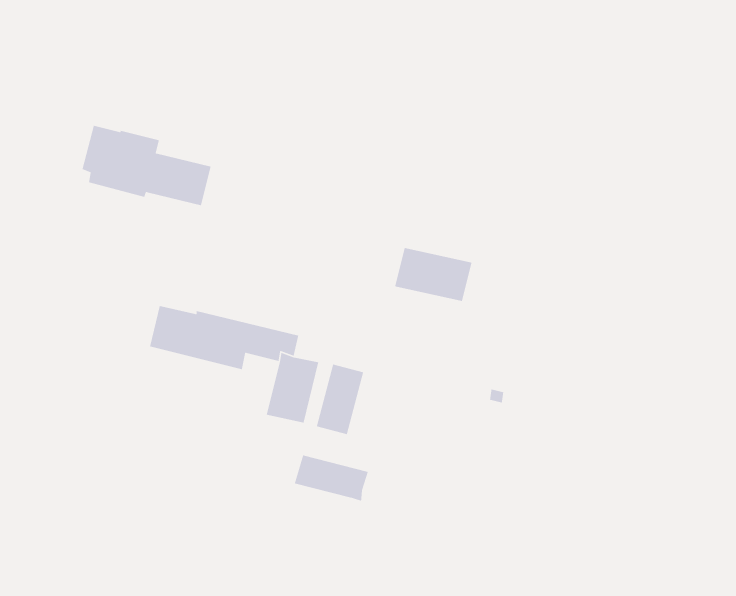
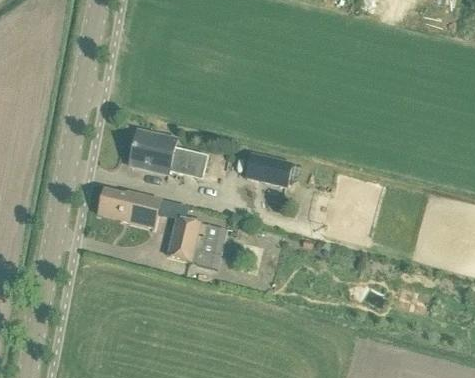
building: [82,125,212,206] -> [129,130,207,179]
building: [294,454,369,502] -> none

